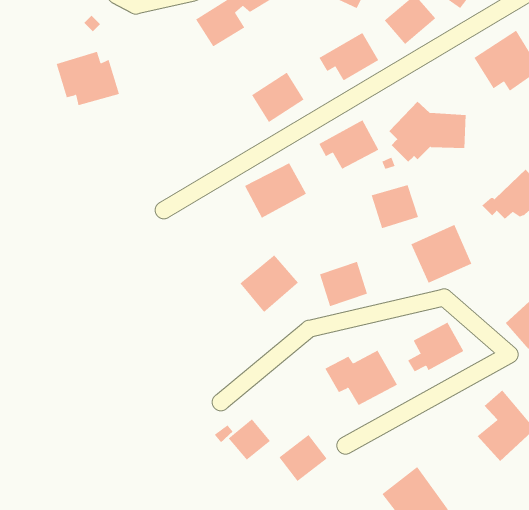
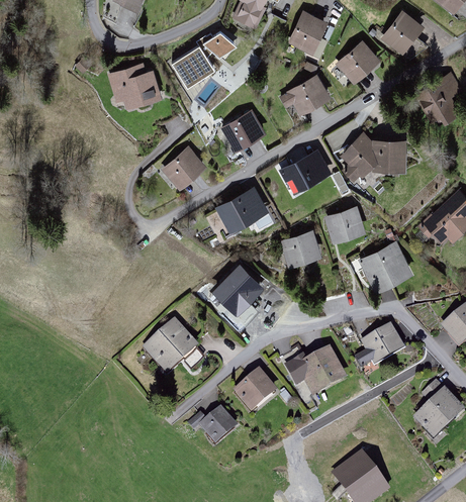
building: [56,51,120,106] -> [107,62,163,109]
building: none -> [162,145,207,191]
building: [319,261,368,307] -> [280,228,322,268]
building: none -> [143,320,200,378]
building: [279,434,327,482] -> [235,372,277,413]

